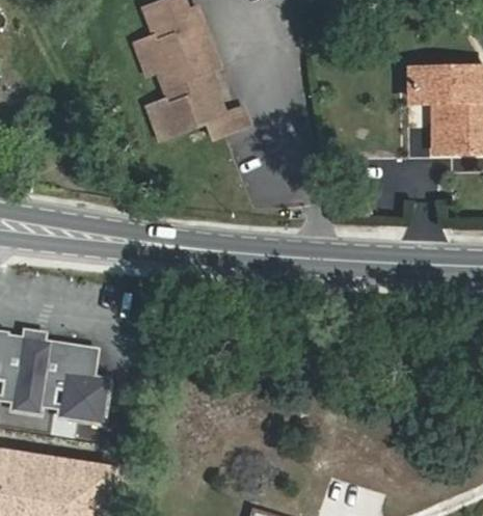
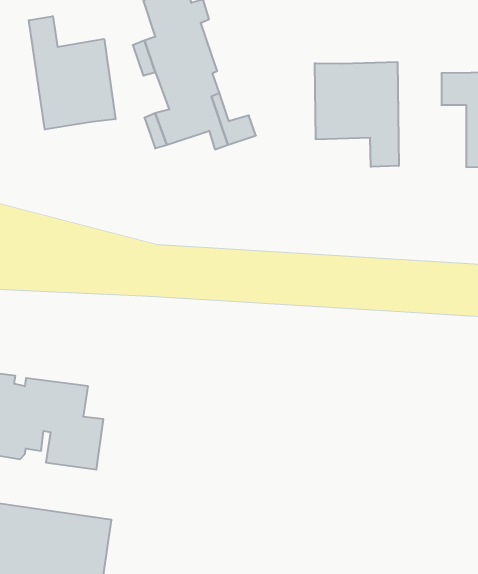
building: none -> [29,16,115,130]
building: none -> [315,62,399,167]

